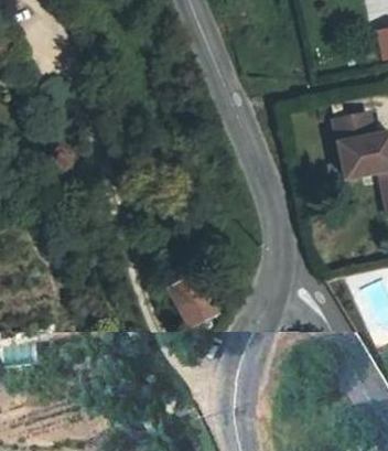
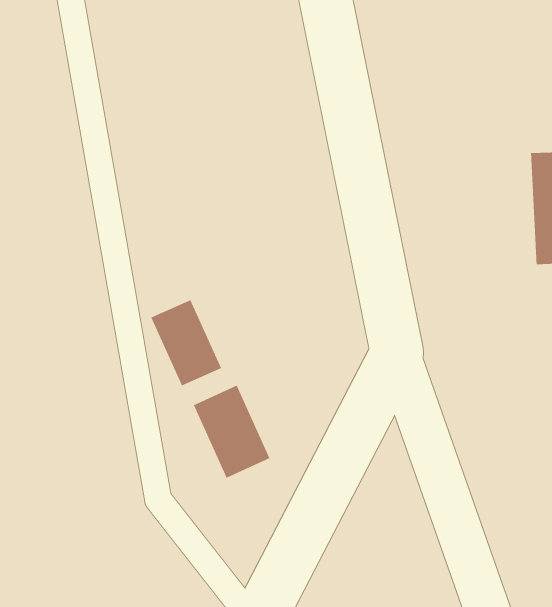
building: none -> [150,299,222,386]

